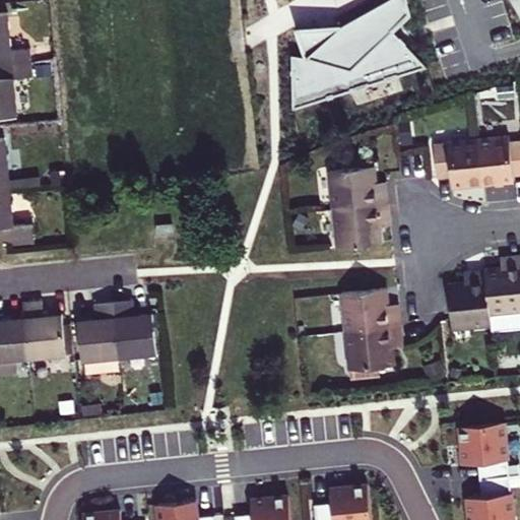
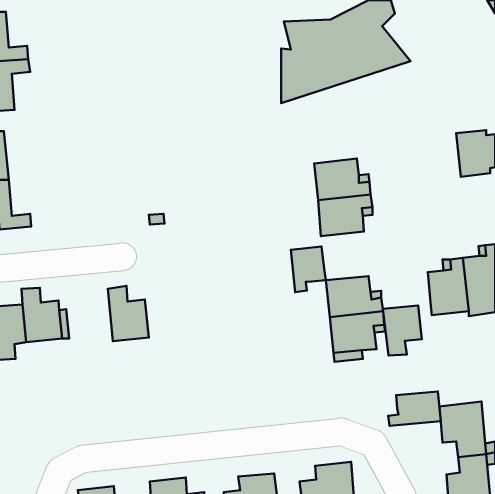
building: [433,142,481,190] -> none
building: none -> [291,246,326,292]
building: [77,305,118,364] -> none
building: none -> [383,305,422,356]
building: none -> [388,392,441,426]

